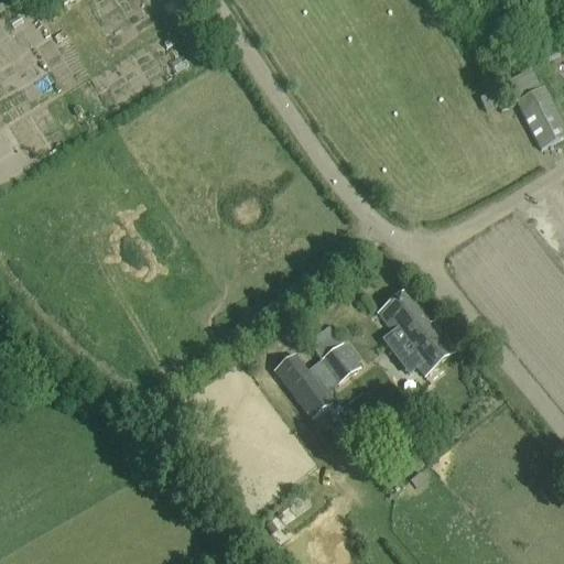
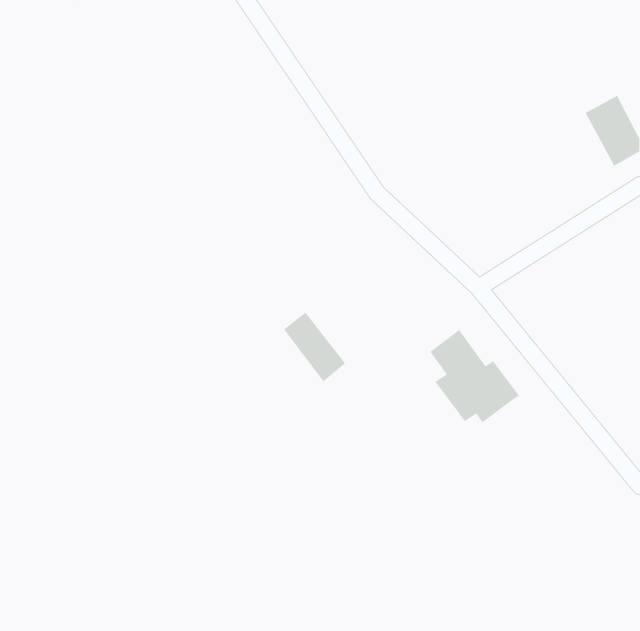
building: [312,340,360,387] -> none
building: [275,355,330,416] -> [283,312,346,382]

